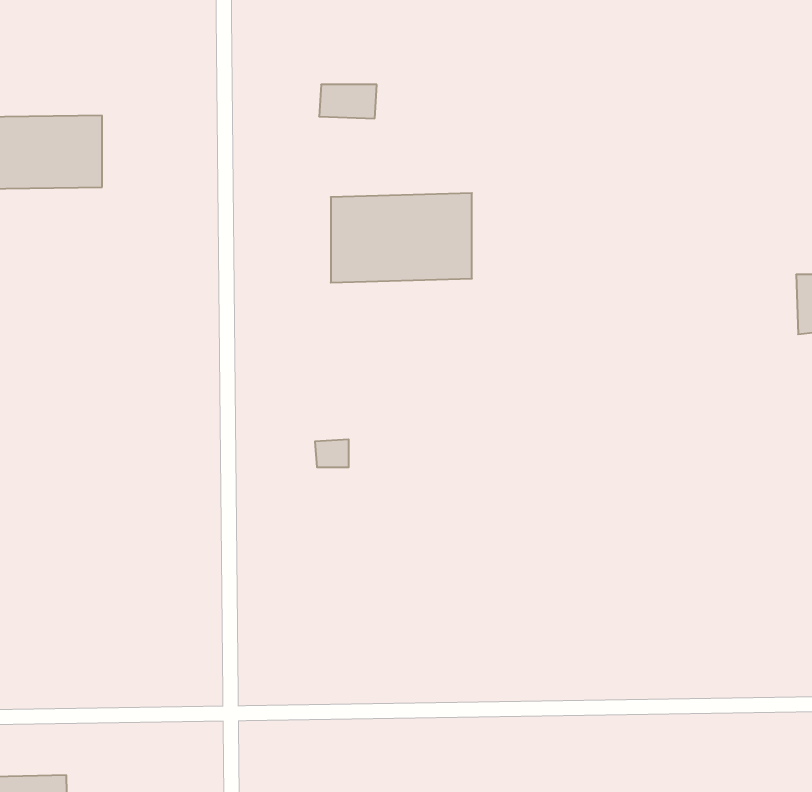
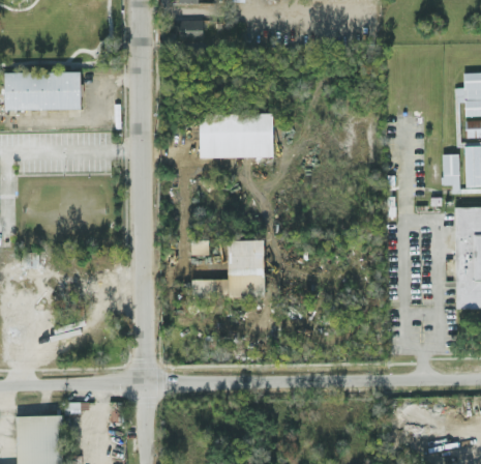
building: [319,85,377,118] -> [174,21,204,38]
building: none -> [192,240,265,298]

